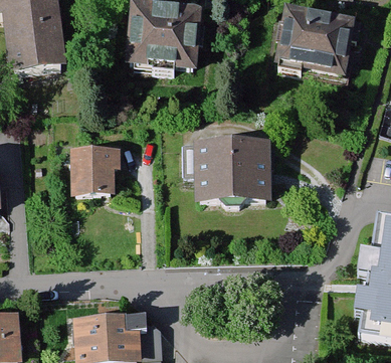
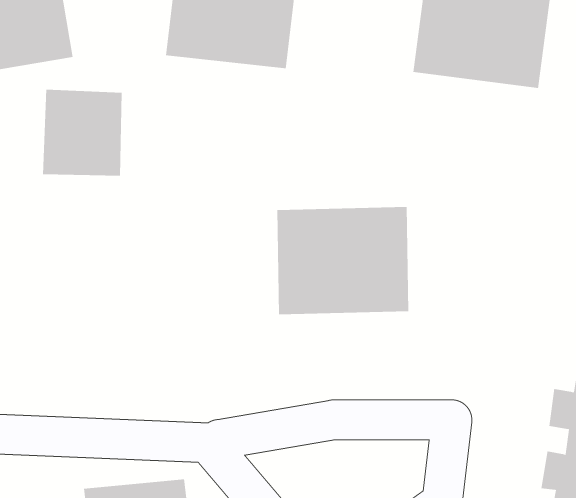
building: [70,145,120,198] -> [42,89,123,176]

